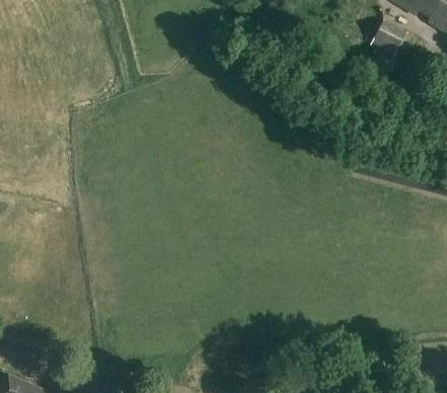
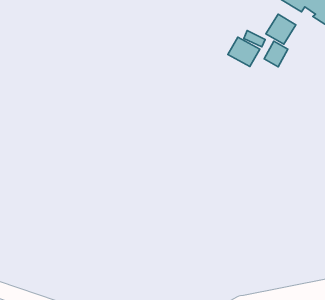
building: none -> [228,37,260,67]

